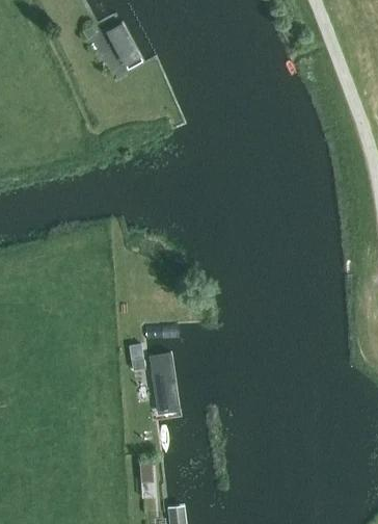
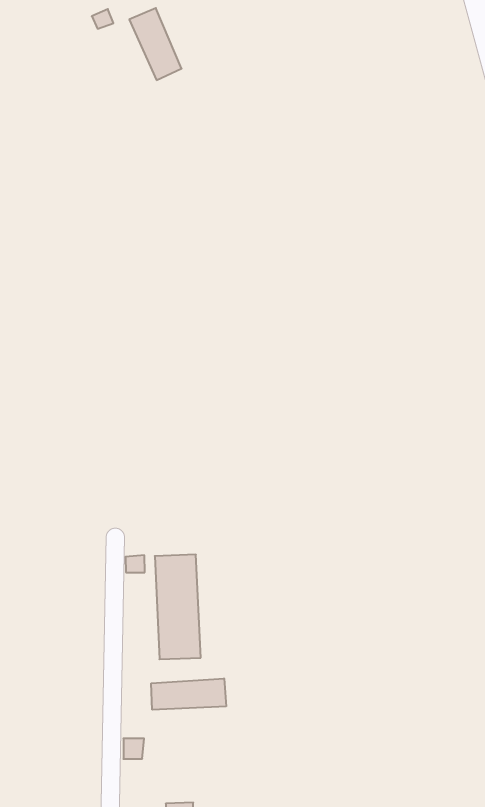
building: none -> [151,678,226,710]

